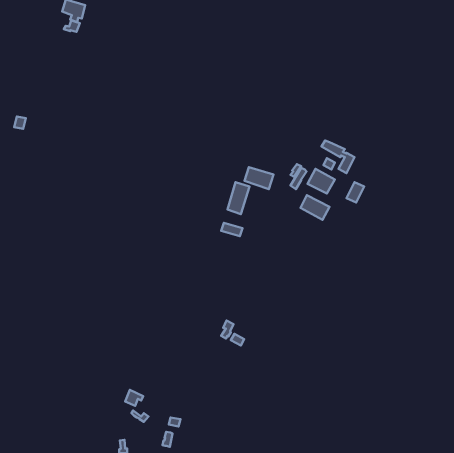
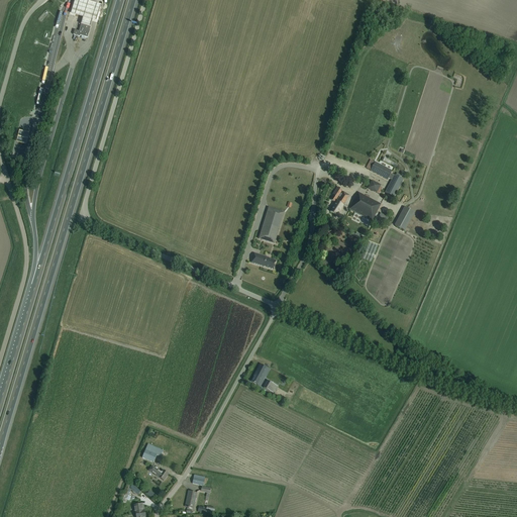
building: [245,167,274,189] -> none
building: [301,195,329,220] -> none

